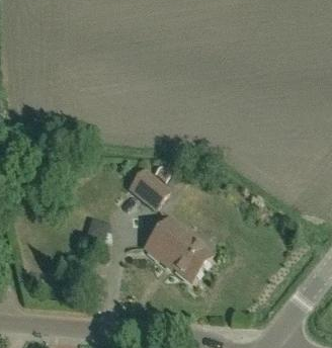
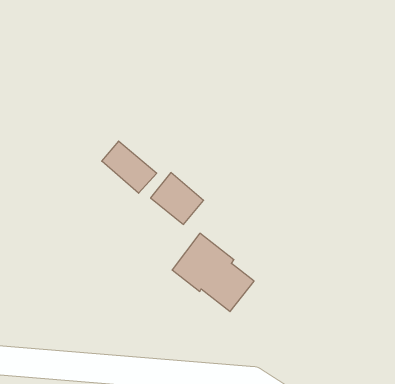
building: none -> [102,141,157,193]

